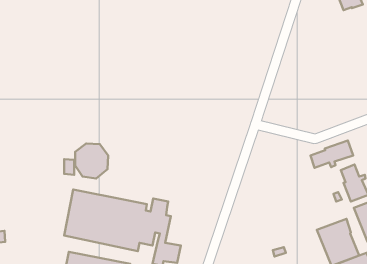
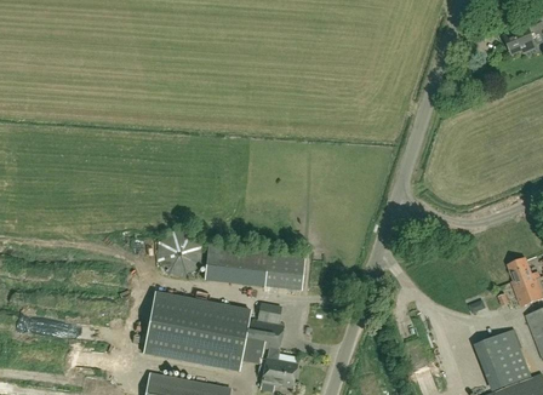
building: [310,140,353,168] -> none
building: none -> [204,242,304,291]

